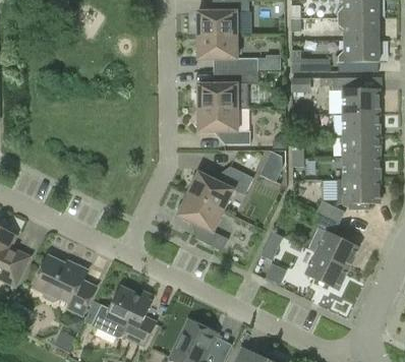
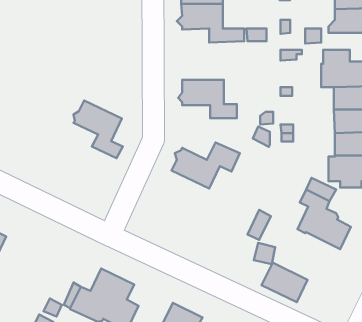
building: [194,70,257,108] -> none
building: [178,193,225,248] -> [74,101,123,158]
building: [305,252,349,290] -> [261,263,307,302]
building: [34,256,97,315] -> none

